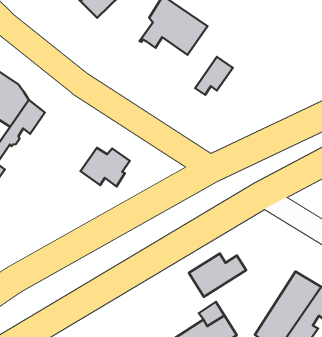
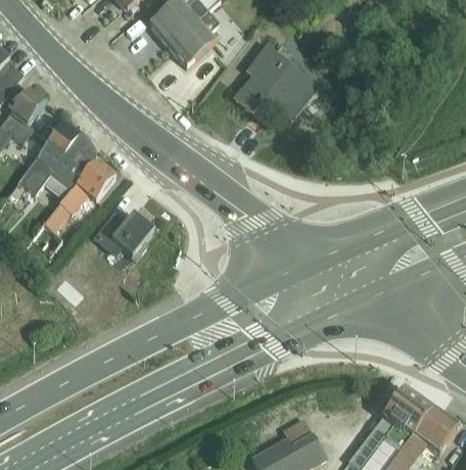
building: [195,57,233,95] -> none
building: [80,148,130,187] -> [93,212,153,260]
building: [189,254,246,297] -> none

